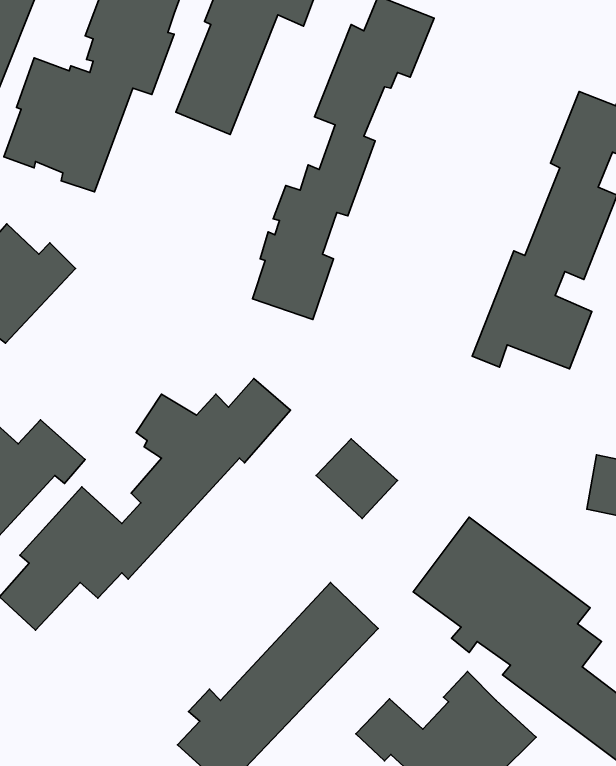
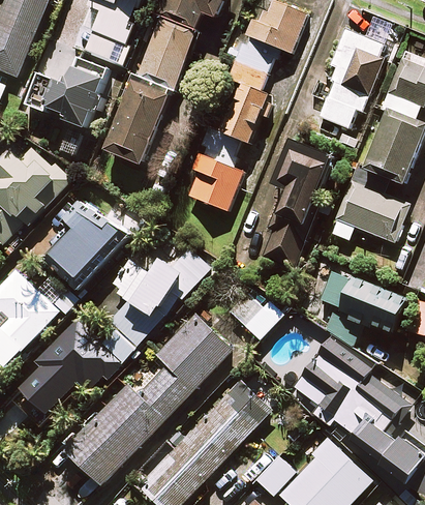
building: none -> [317,30,386,140]
building: none -> [105,82,169,165]
building: none -> [261,141,331,268]
building: none -> [45,202,126,290]
building: none -> [320,270,405,348]
building: none -> [61,311,241,484]

